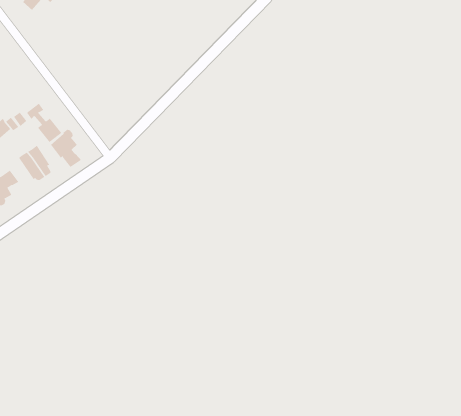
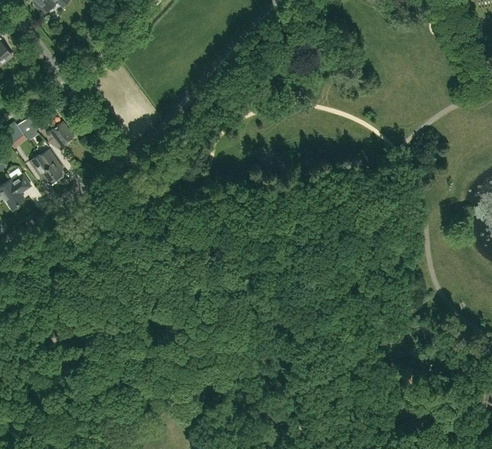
building: [50,129,82,168] -> none

